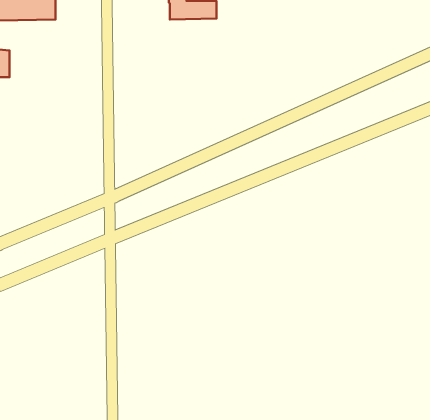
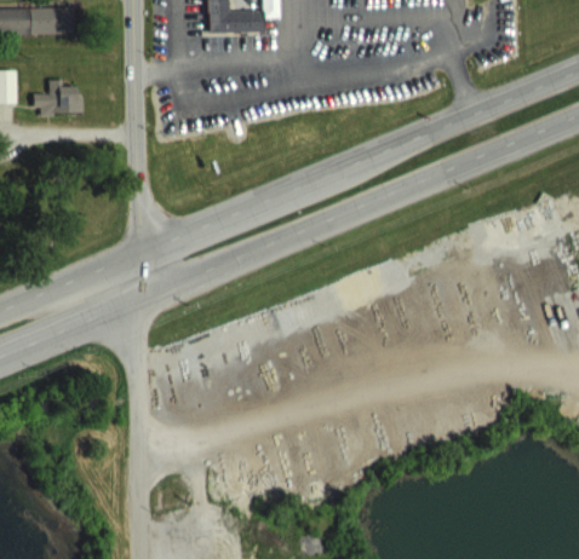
building: none -> [35,83,81,113]

